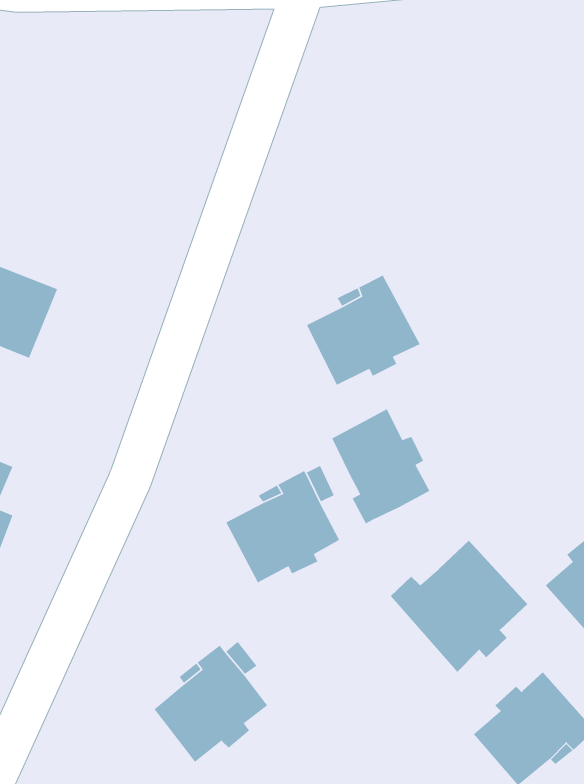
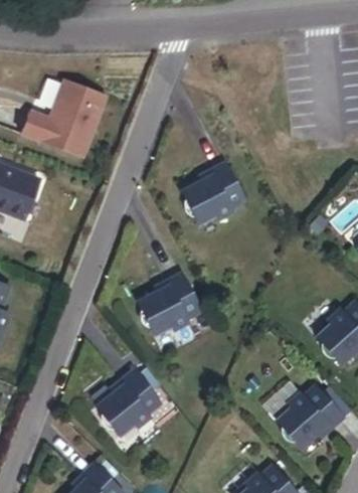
building: none -> [17,92,102,169]
building: [331,408,430,524] -> none
building: [390,540,528,673] -> none

